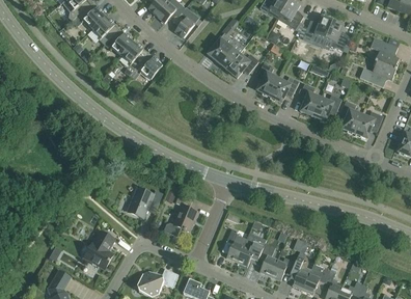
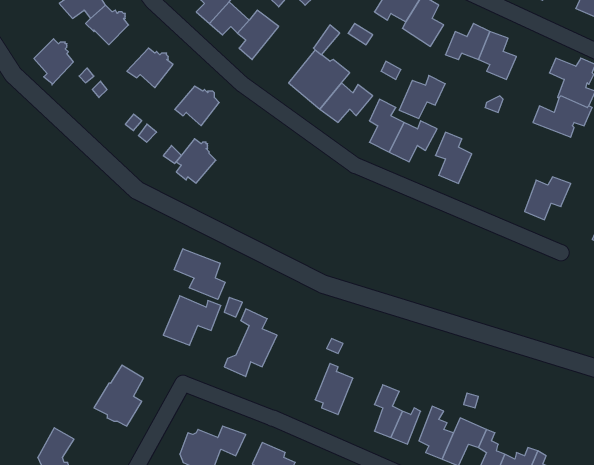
building: [92,17,117,46] -> [34,39,73,85]
building: [121,42,146,70] -> [176,139,216,183]
building: [312,94,341,121] -> [399,75,445,118]
building: [339,101,361,134] -> none
building: none -> [174,249,225,299]
building: [237,239,265,267] -> none

